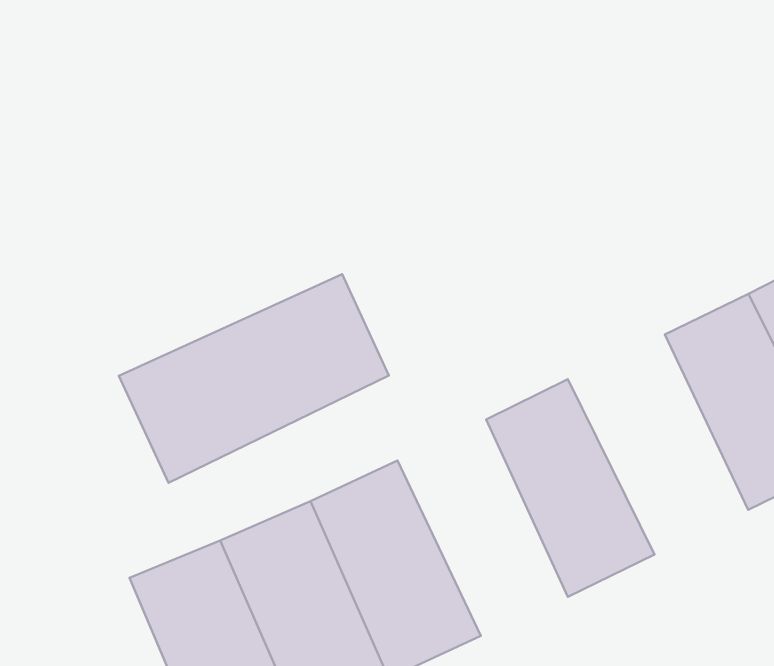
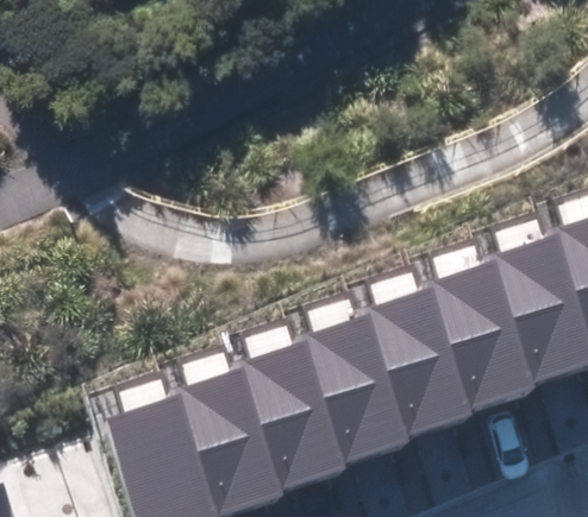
building: [119,274,389,483] -> none
building: none -> [415,265,536,417]
building: none -> [294,317,407,467]

